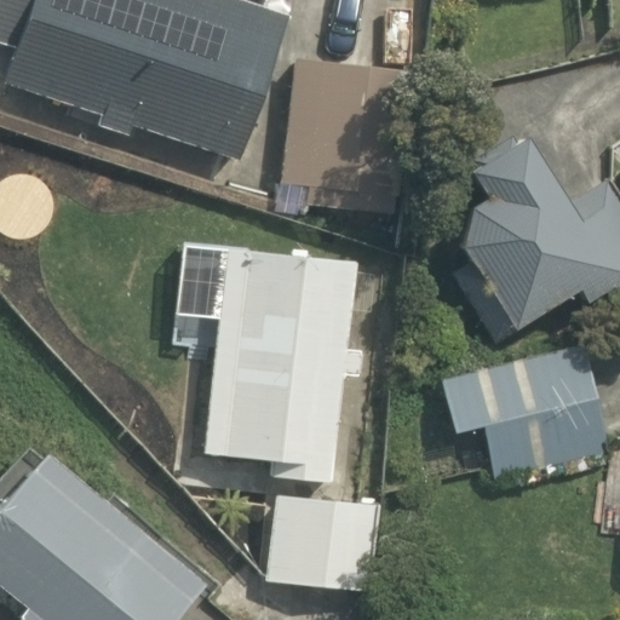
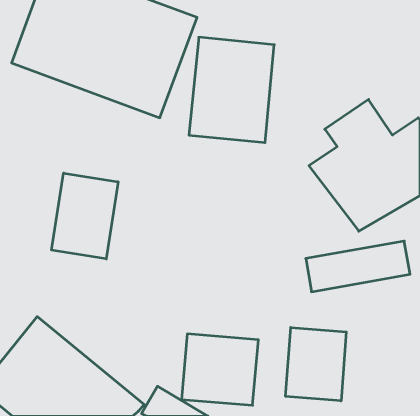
building: [202,237,360,470] -> none
building: none -> [52,173,118,259]
building: none -> [286,327,346,401]

